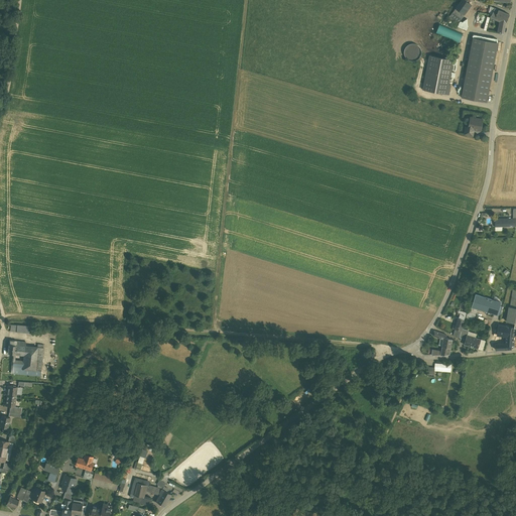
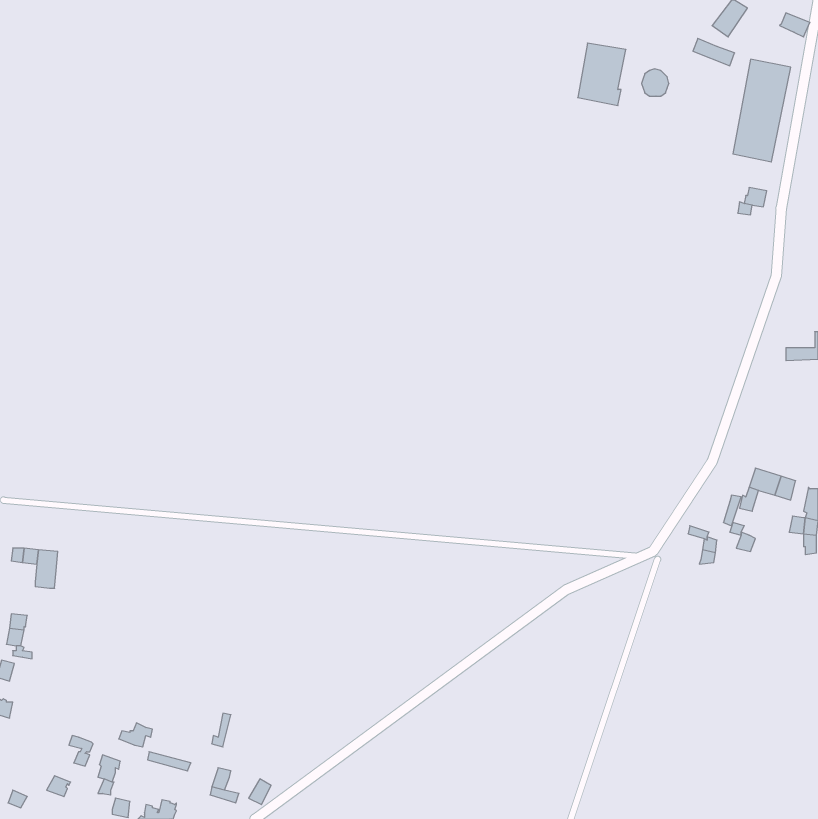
building: [422,55,453,95] -> [578,43,626,106]

